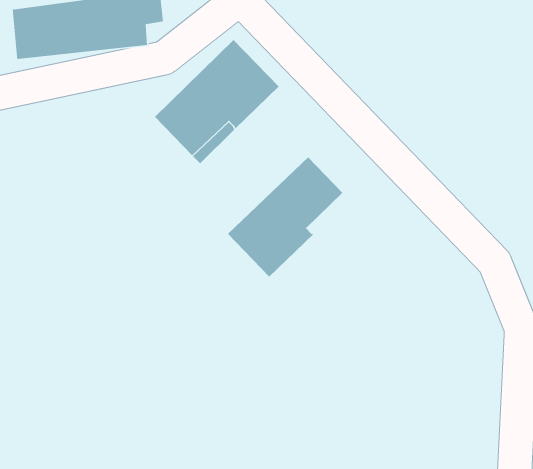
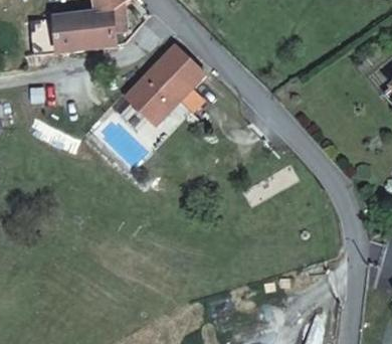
building: [227,157,343,278] -> none

